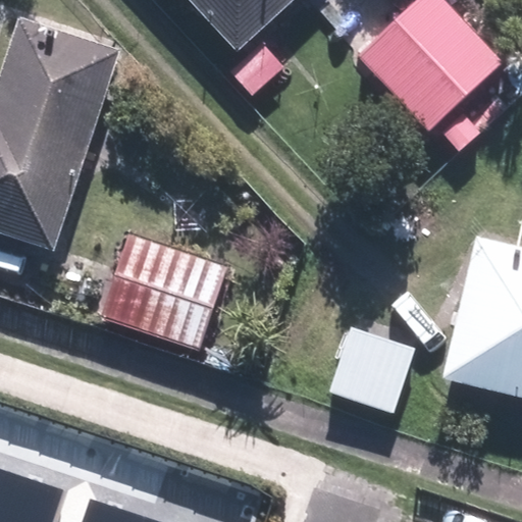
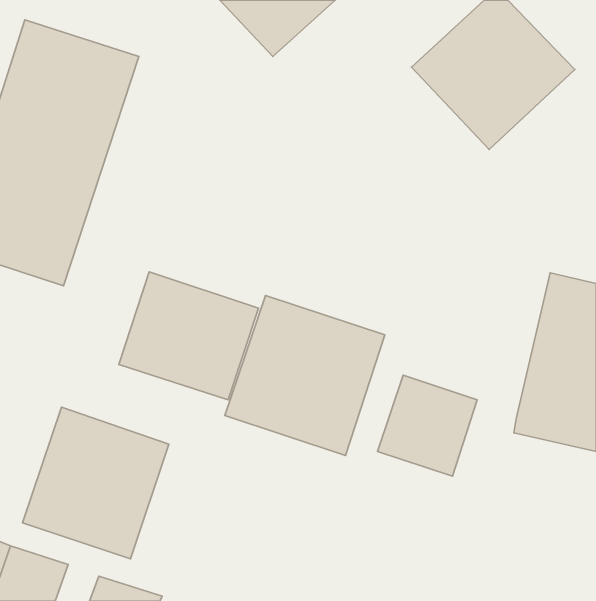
building: none -> [225,296,385,456]
building: none -> [23,407,169,559]

